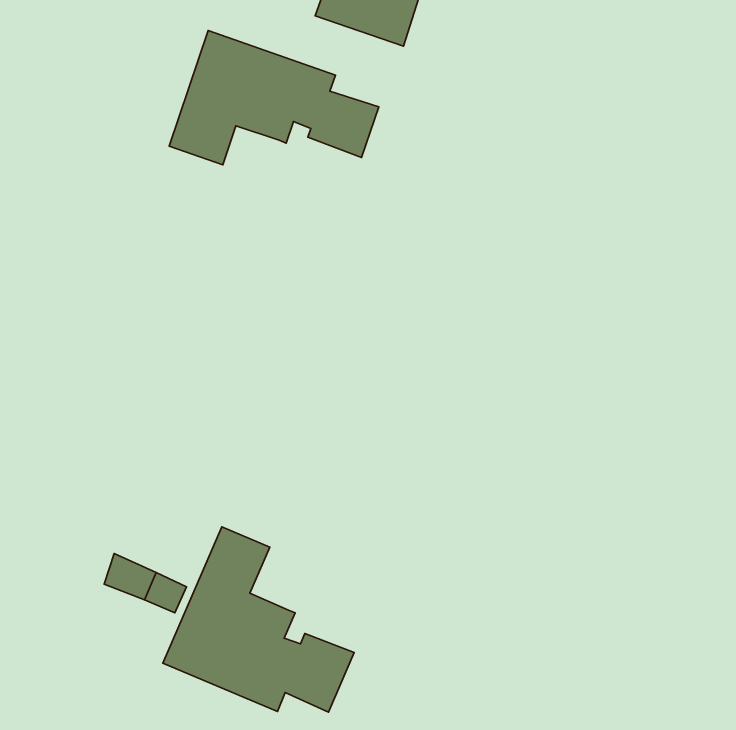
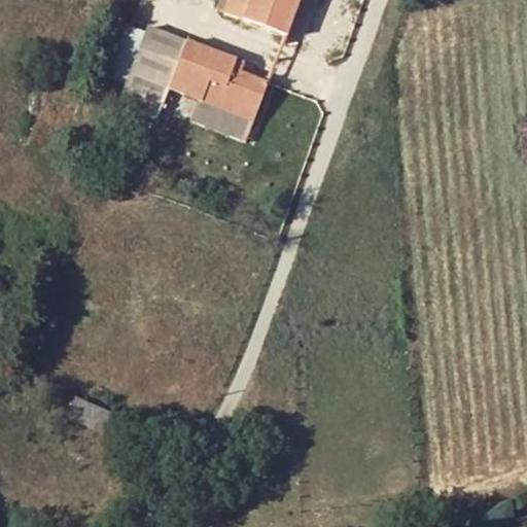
building: none -> [190,86,257,142]
building: [163,527,354,712] -> none

